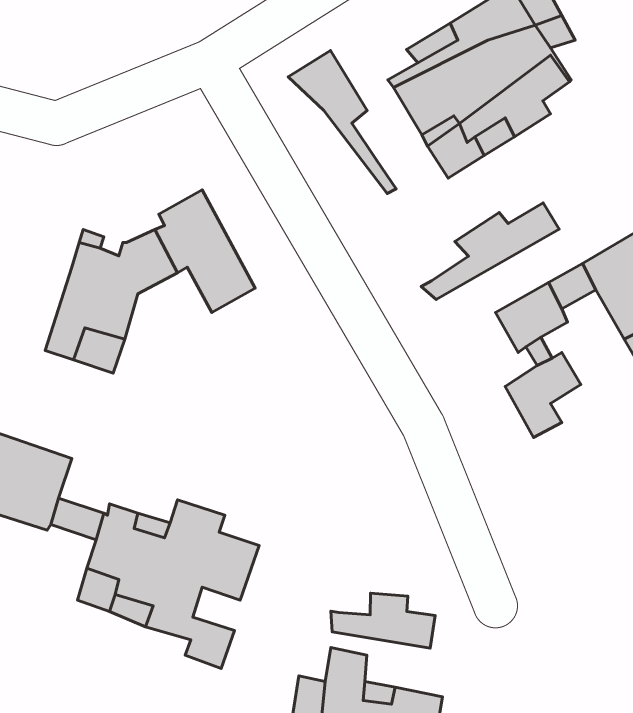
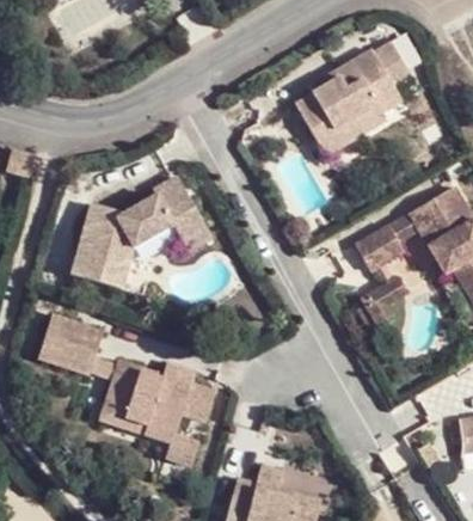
building: [288,51,396,193] -> none
building: [421,203,559,299] -> none
building: [331,593,435,648] -> none

